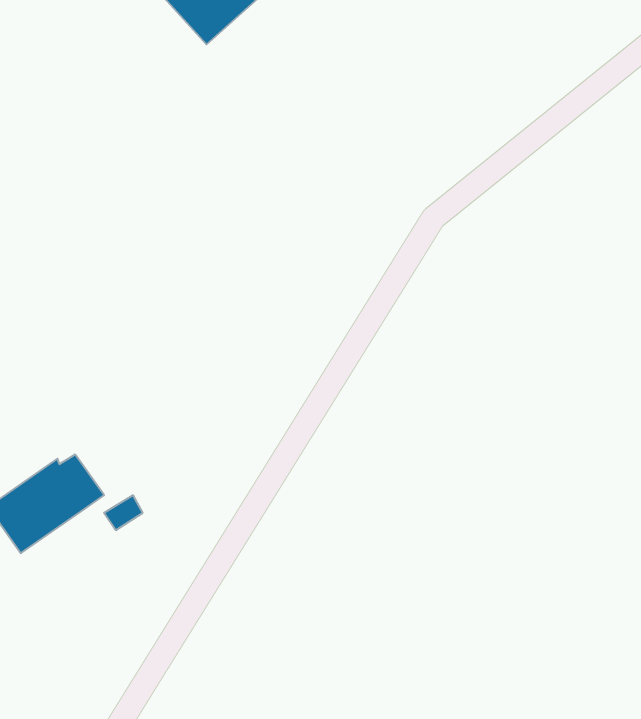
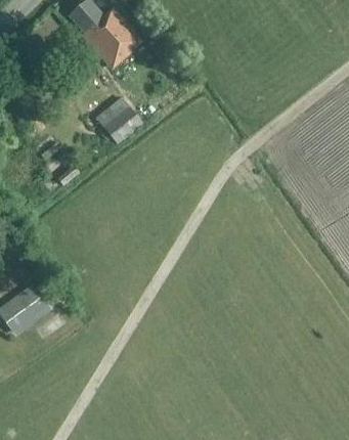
building: none -> [94,97,140,142]

